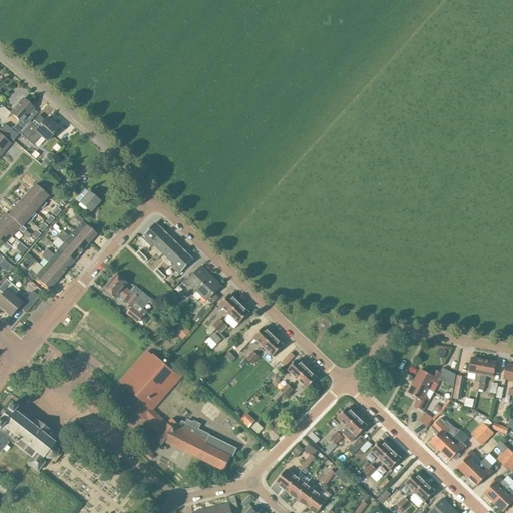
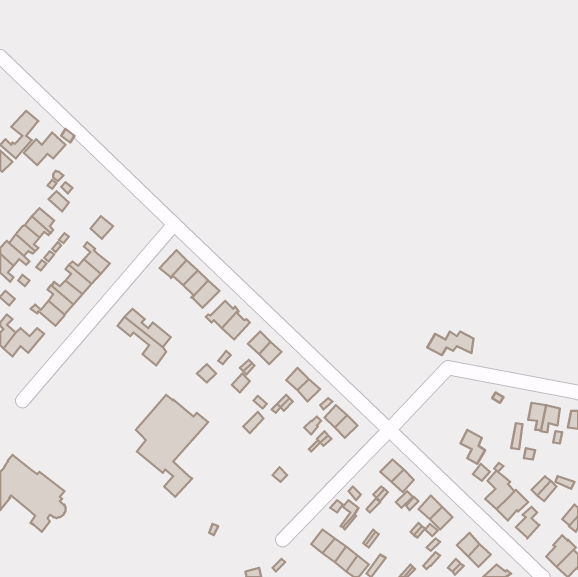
building: [414,367,455,388] -> [427,332,474,355]
building: [155,418,237,470] -> none
building: [467,458,494,486] -> none

